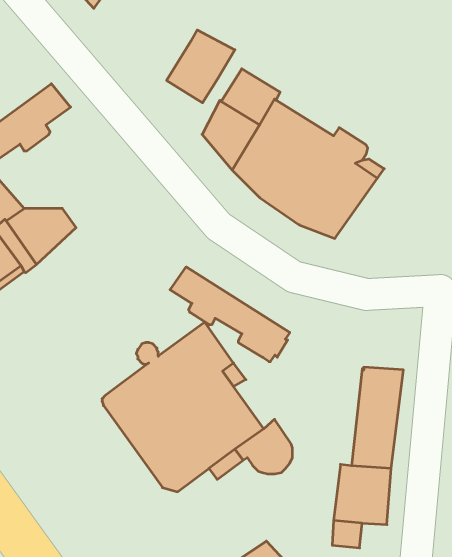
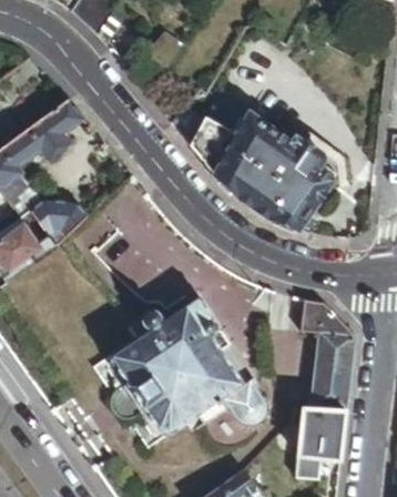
building: [167,30,235,103] -> none
building: [170,267,290,362] -> none
building: none -> [301,298,353,333]

